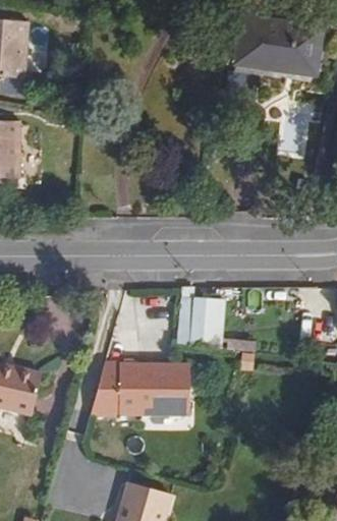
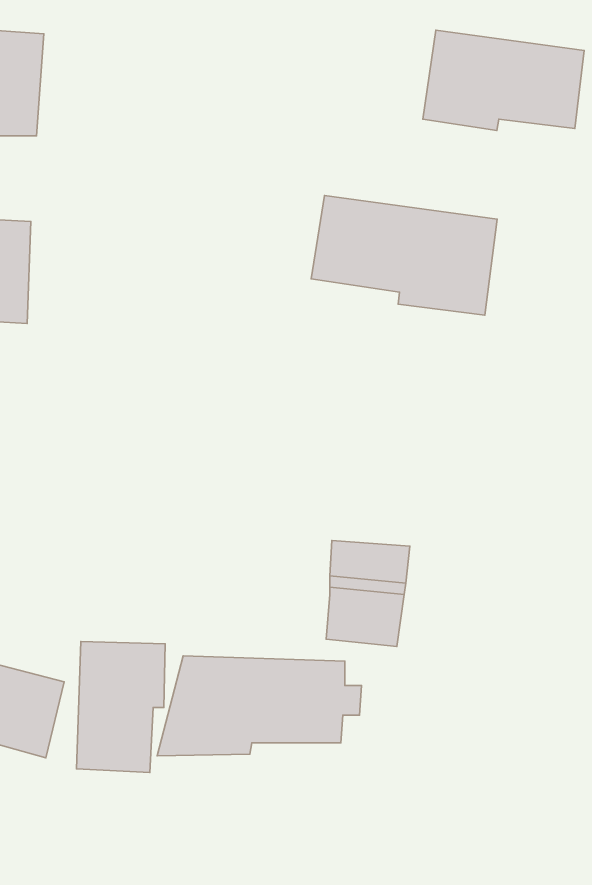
building: none -> [311,195,497,315]
building: none -> [76,642,165,773]

